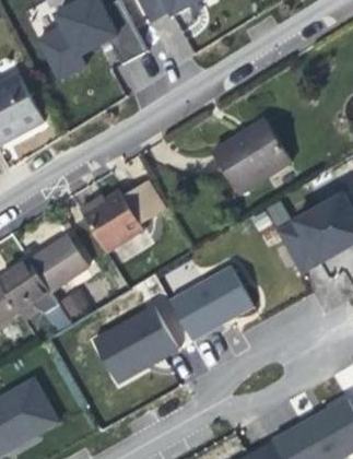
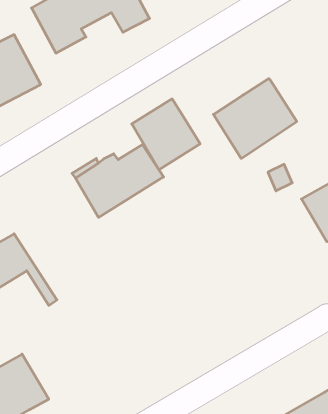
building: none -> [132,99,200,170]
building: [24,235,89,327] -> none
building: [169,266,252,339] -> none
building: [93,305,177,381] -> none

